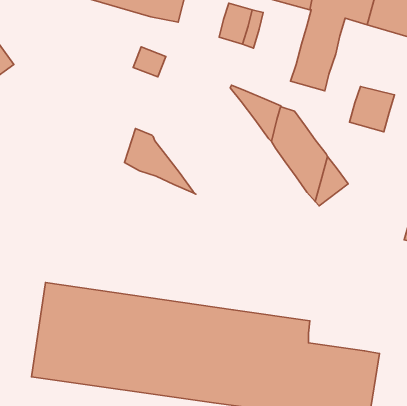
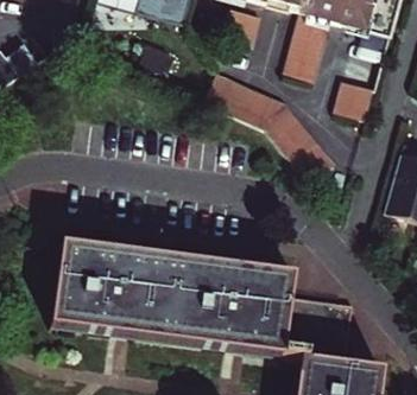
building: [125,128,196,194] -> [202,68,264,125]

